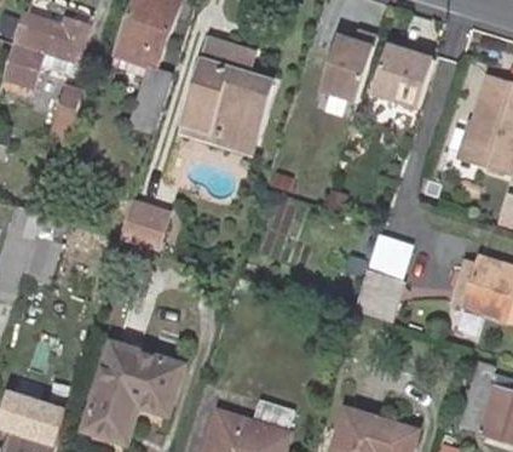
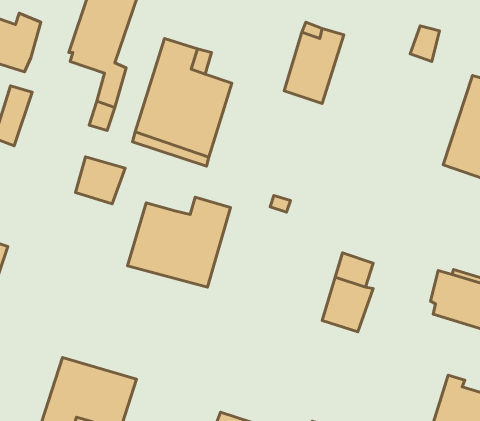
building: [371,44,433,107] -> none
building: none -> [127,197,230,287]
building: [120,200,167,245] -> [75,157,125,204]

